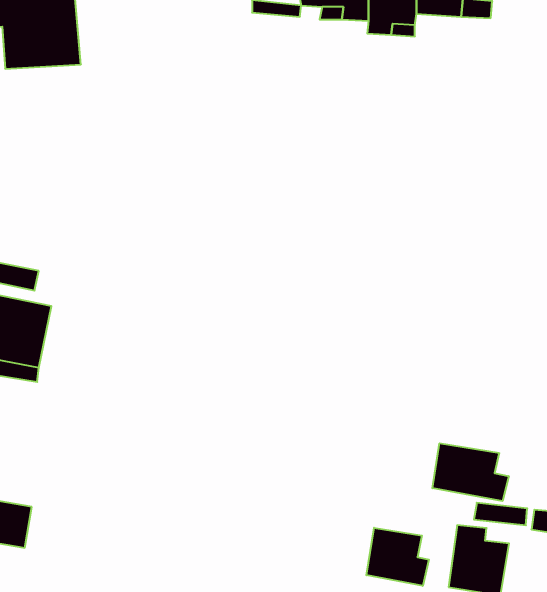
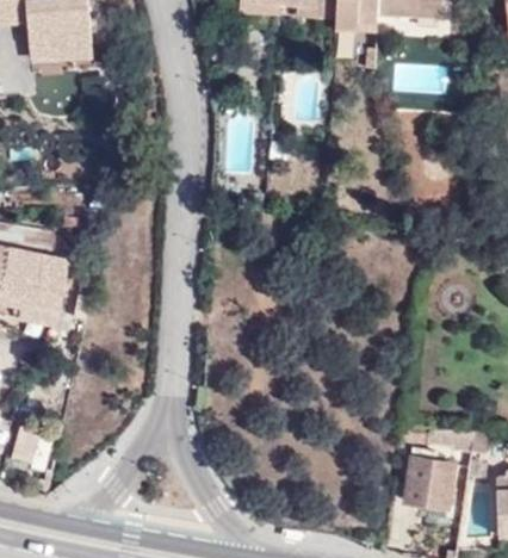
building: [432,443,509,501] -> none
building: [366,528,429,586] -> none

